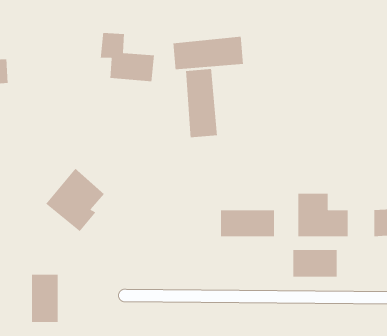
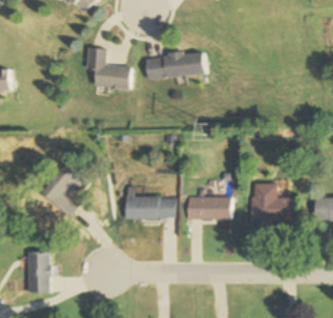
building: [185,68,218,138] -> none
building: none -> [125,185,175,217]
building: [293,249,338,278] -> none

